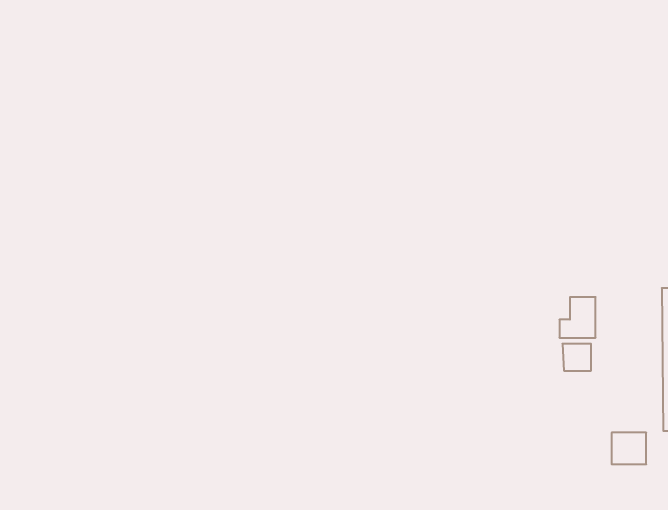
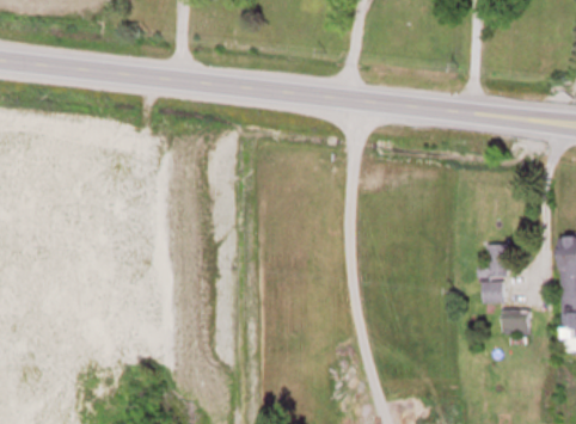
building: [612,433,646,464] -> [502,309,529,334]

